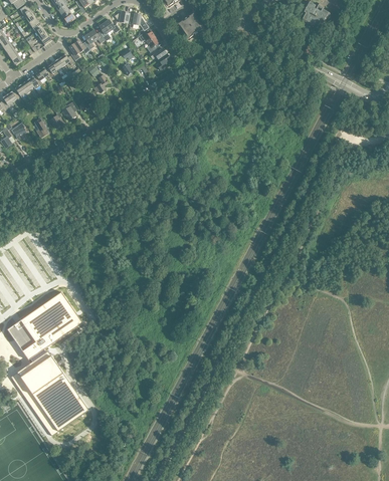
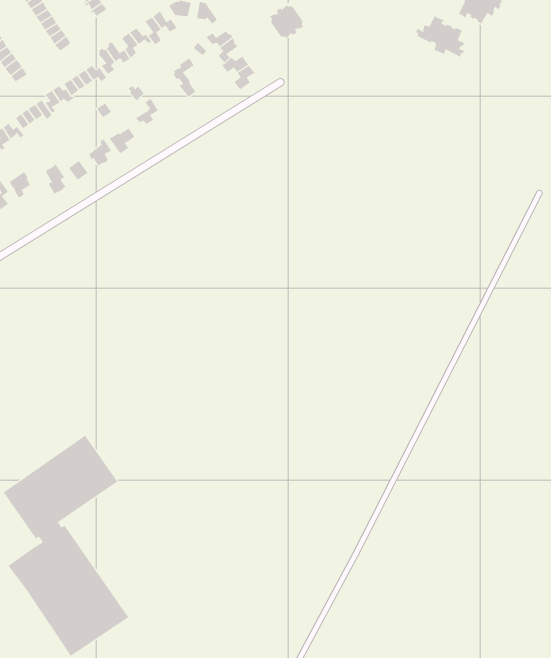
building: none -> [415,15,465,58]

